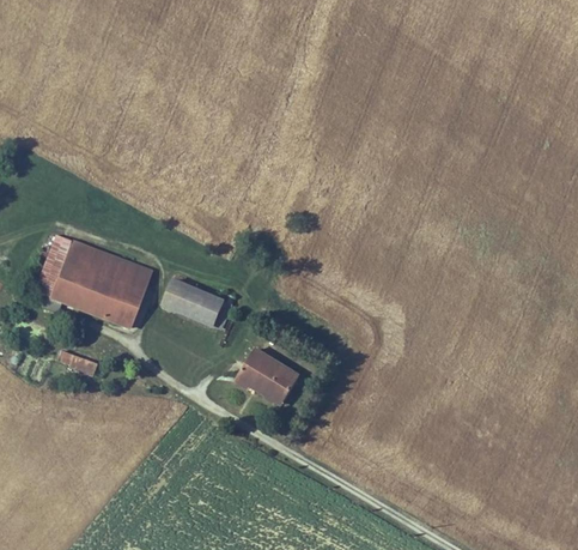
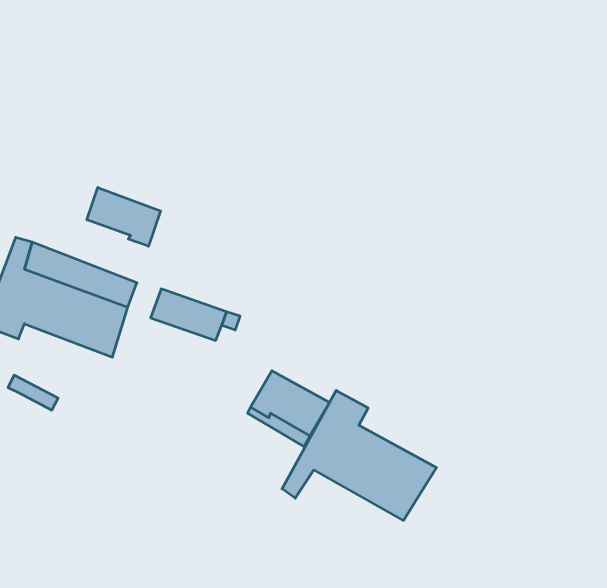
building: none -> [87,187,161,246]
building: none -> [282,390,436,520]

